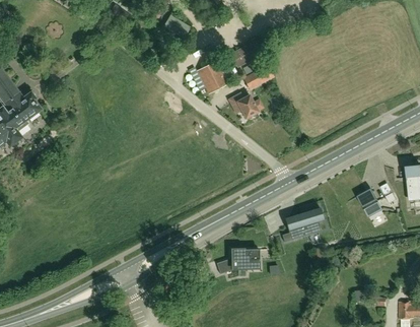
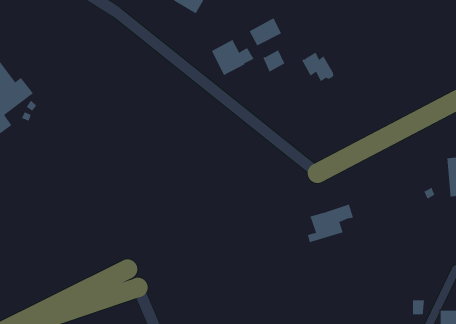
building: [228,91,258,118] -> [301,52,334,82]
building: [357,188,382,216] -> none
building: [230,248,260,270] -> none

